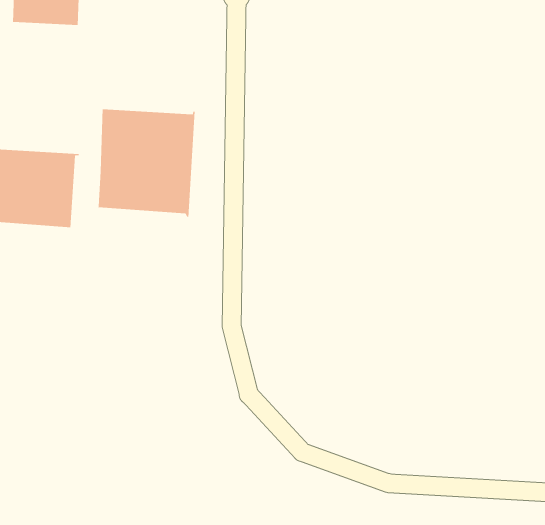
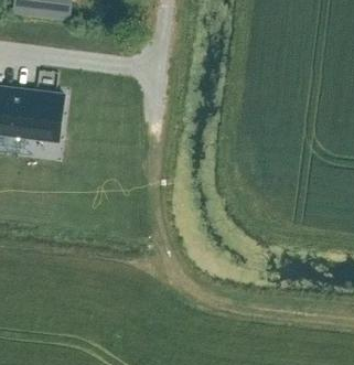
building: [98,109,195,218] -> none

